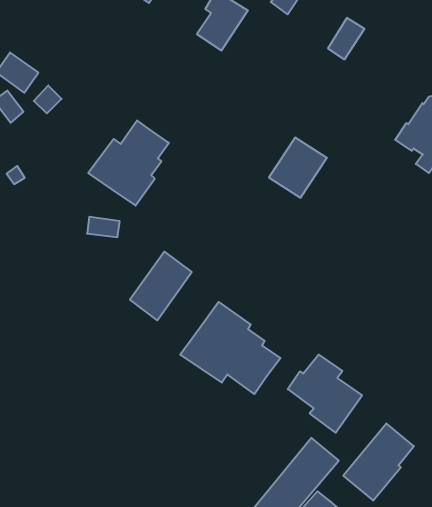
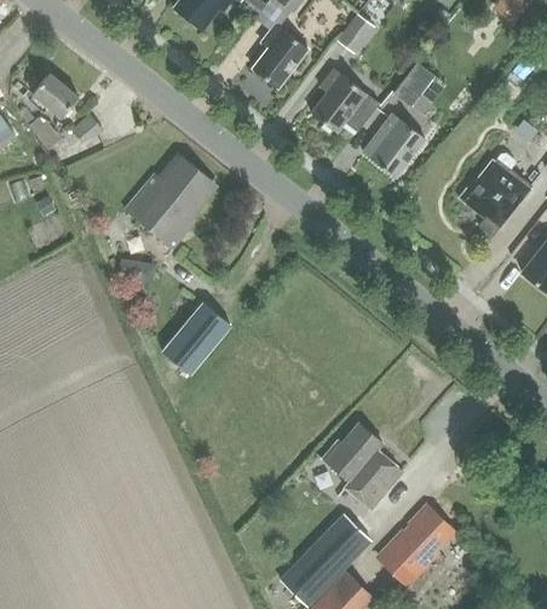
building: none -> [312,69,378,132]
building: [269,138,327,198] -> [363,111,427,177]
building: [180,302,280,394] -> none

